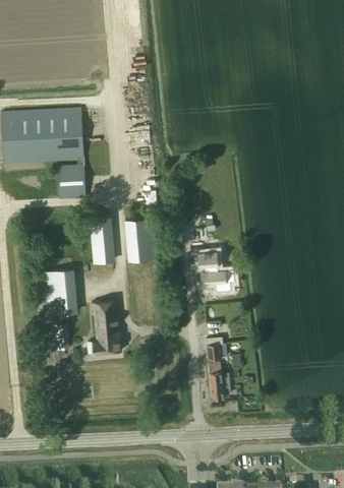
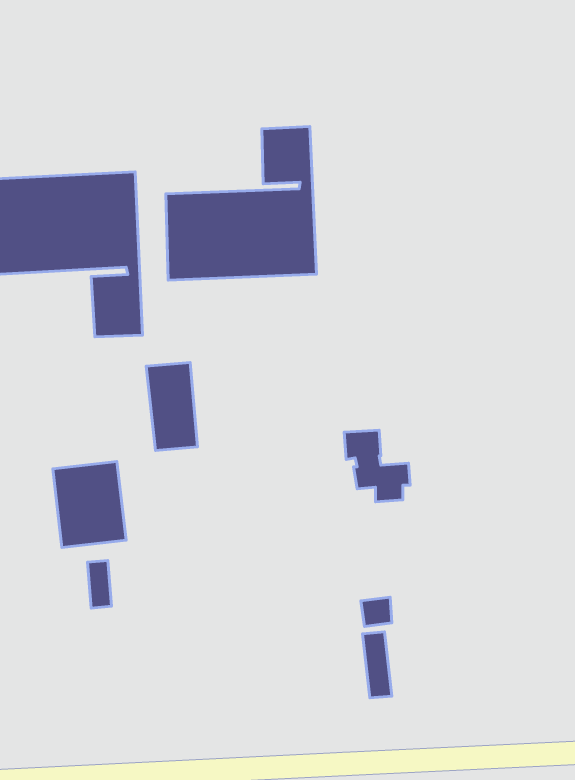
building: none -> [166,126,316,280]
building: [124,218,158,261] -> none
building: [85,301,121,355] -> none

